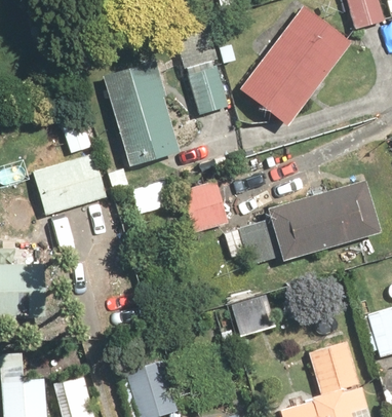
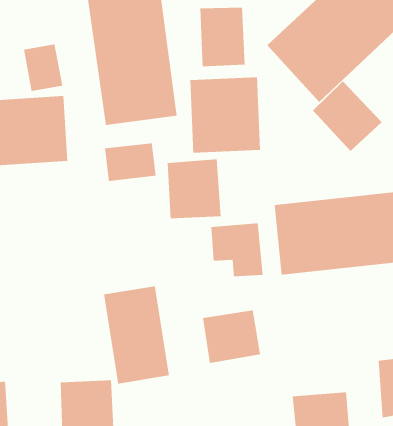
building: none -> [312,80,382,152]
building: none -> [190,77,260,154]
building: none -> [104,285,170,384]

